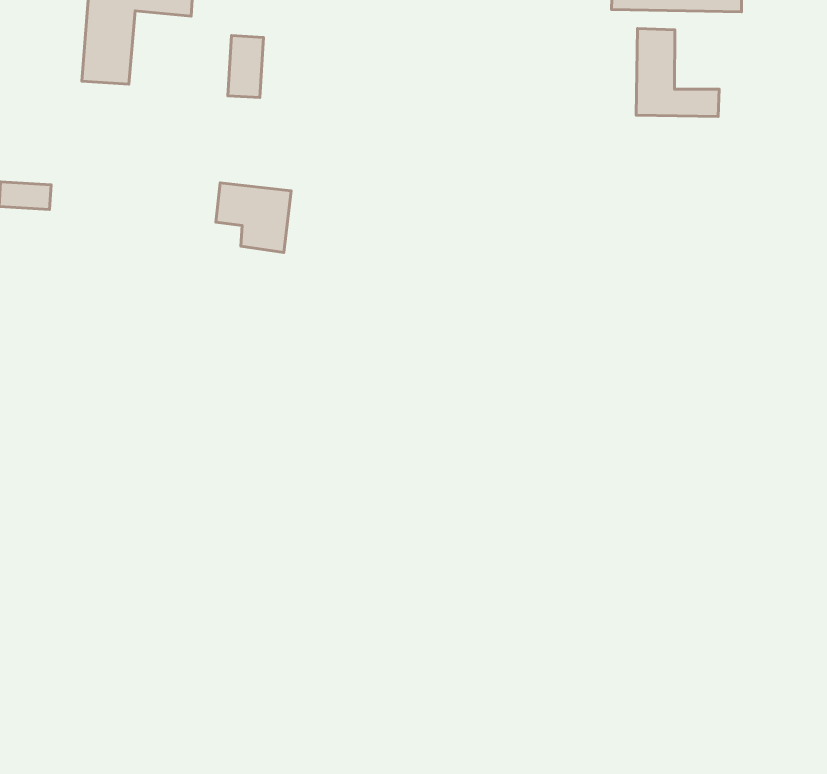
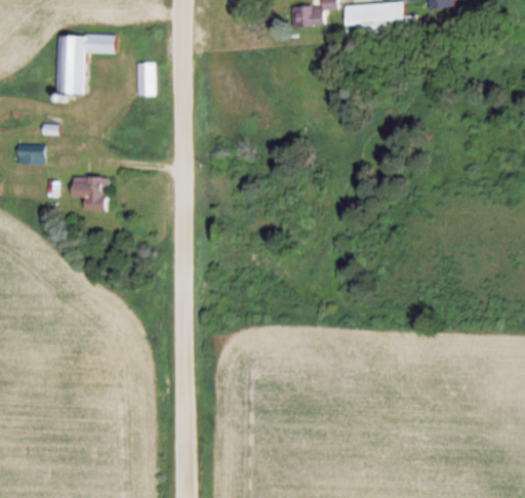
building: [636,29,719,117] -> none
building: [216,183,291,253] -> [69,174,109,210]

